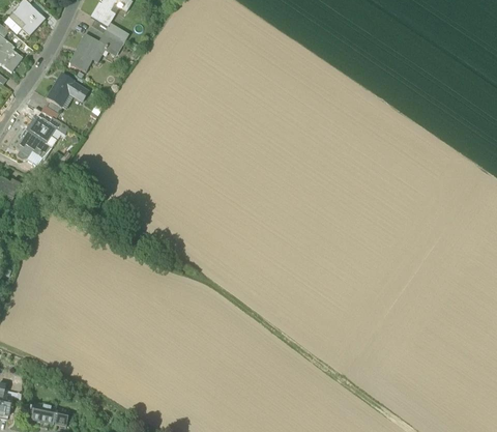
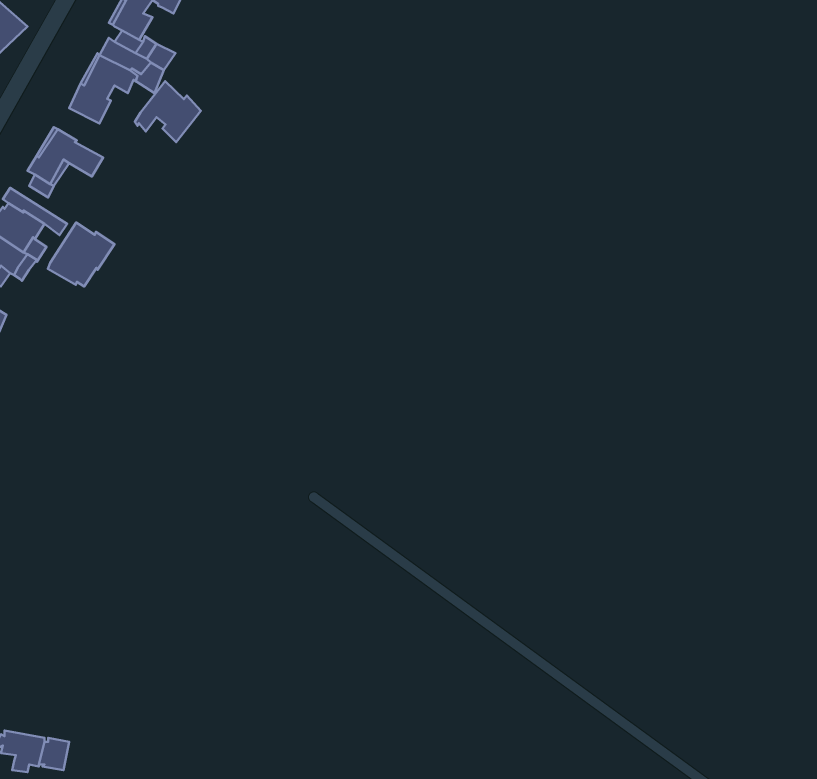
building: none -> [135,81,201,142]
building: none -> [48,223,114,286]

